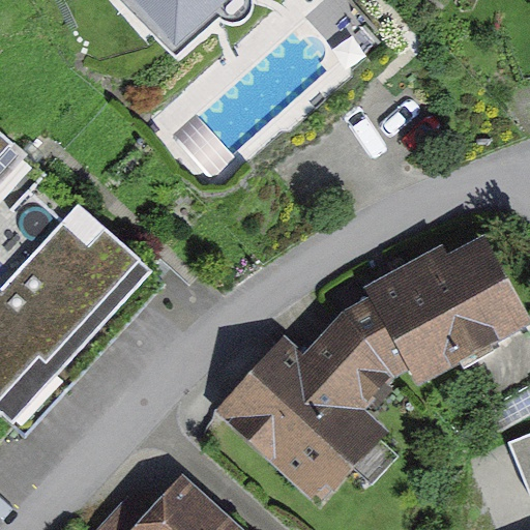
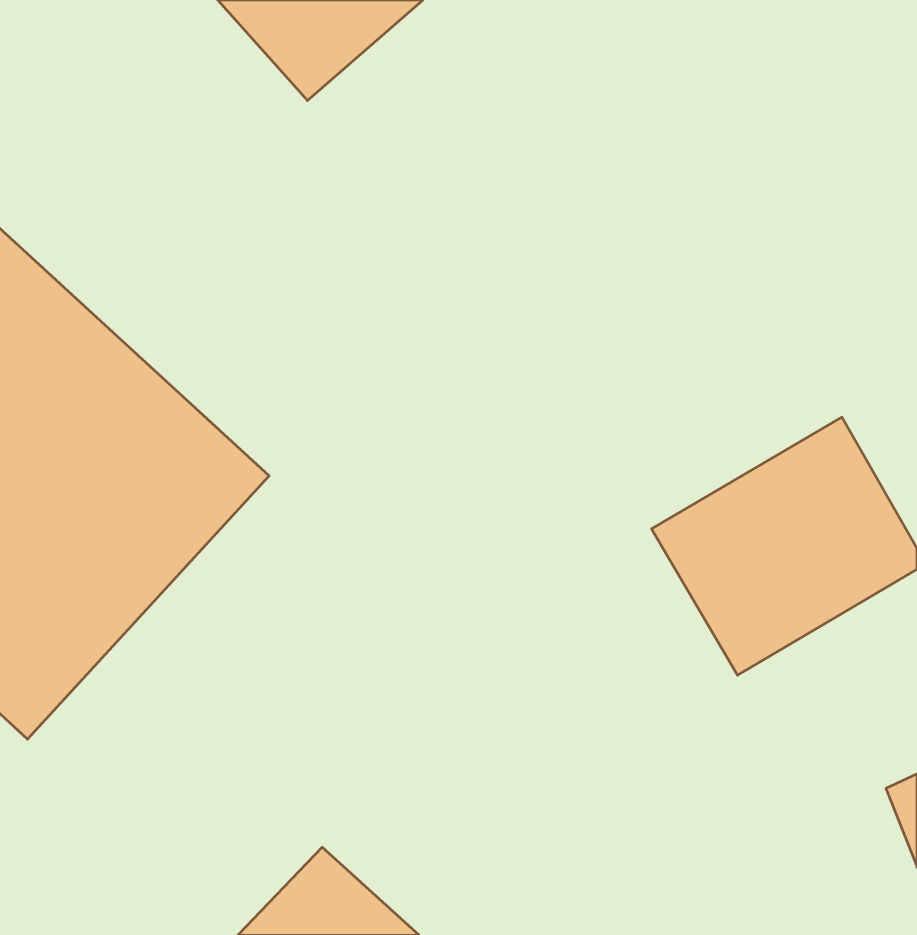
building: [215,314,389,502] -> none

